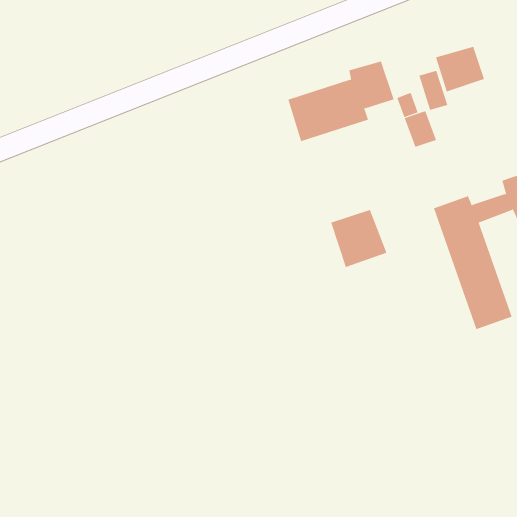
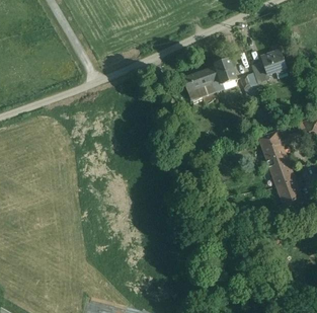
building: [330,209,387,268] -> none

